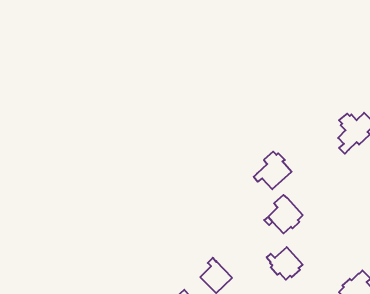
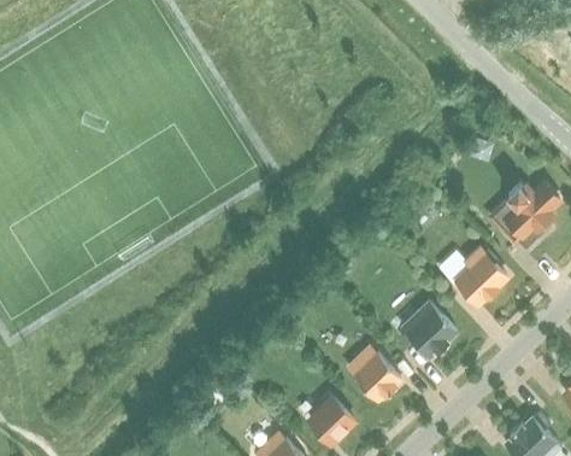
building: [254,152,292,189] -> [451,249,505,303]
building: [267,247,303,280] -> [347,352,399,399]

